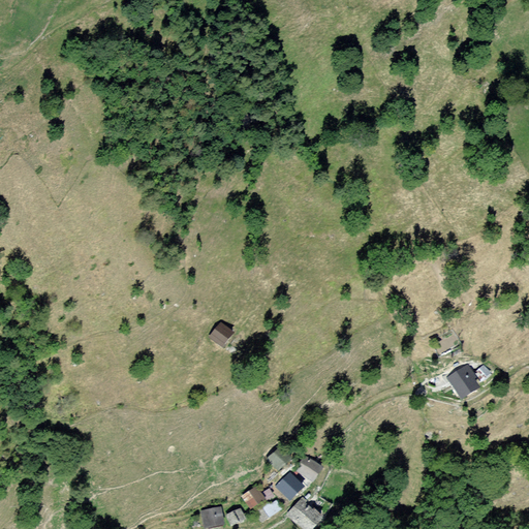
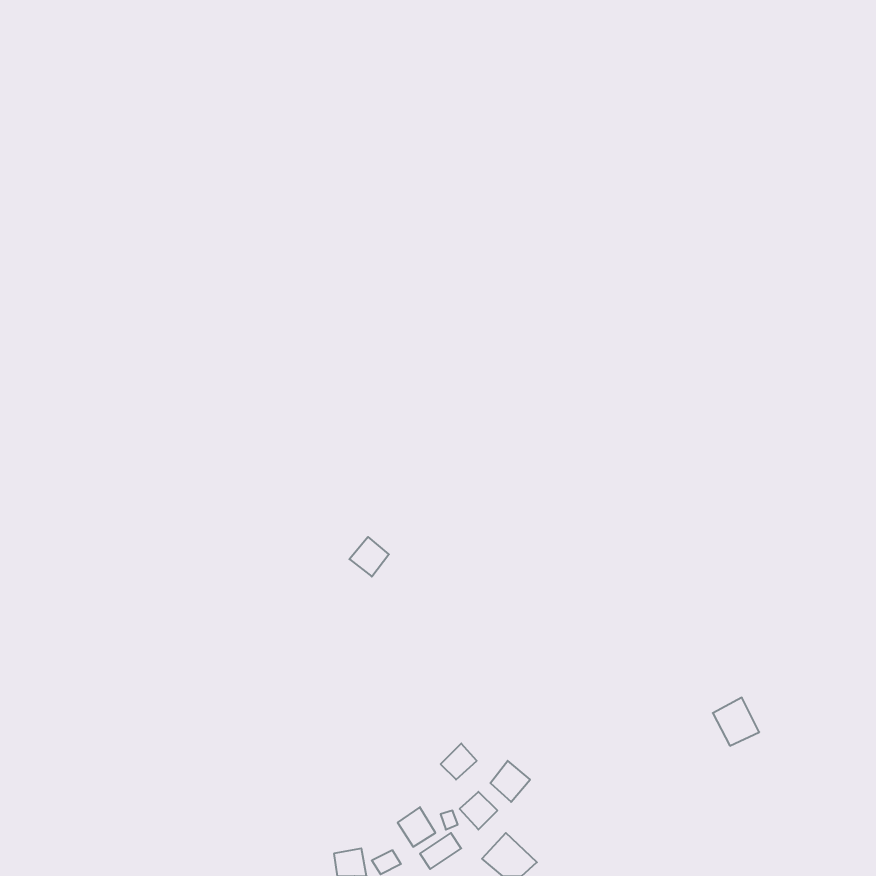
building: [446,368,474,397] -> [713,698,759,746]

